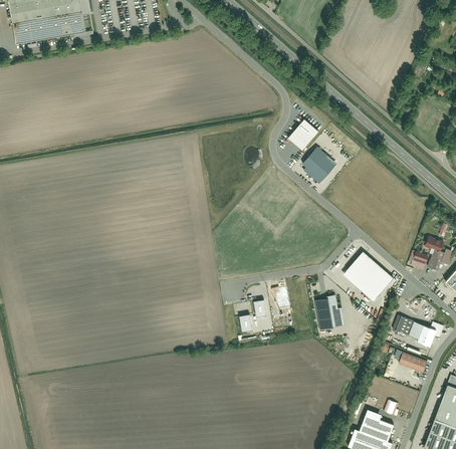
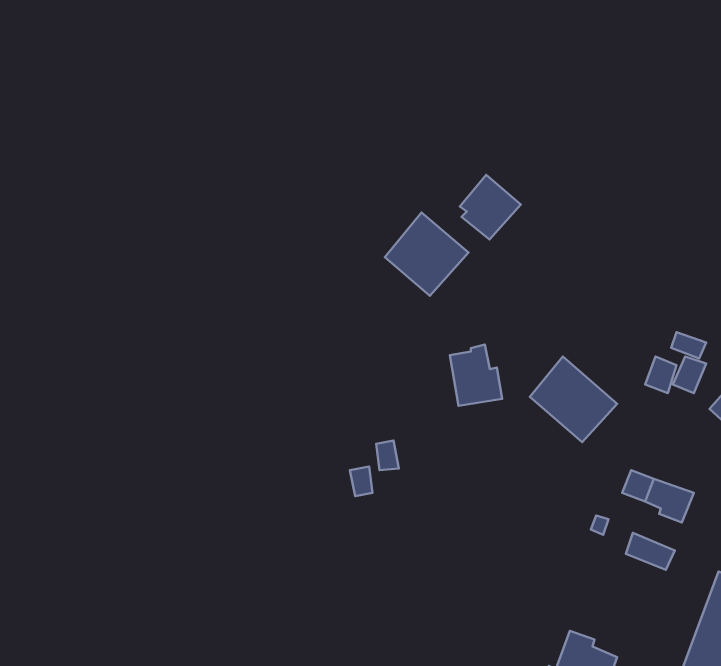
building: [289,119,320,151] -> none
building: none -> [385,213,469,296]
building: [316,294,347,329] -> [450,345,502,406]

